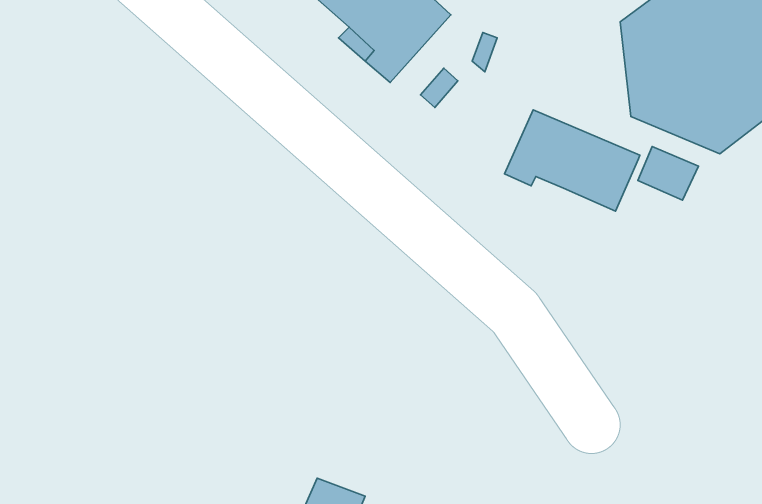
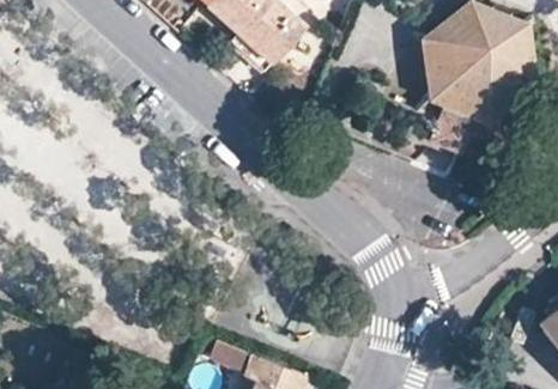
building: [505,110,640,211] -> none

